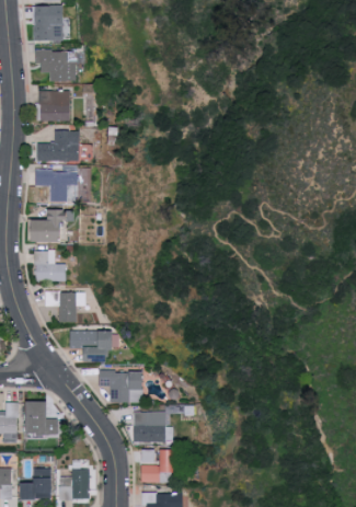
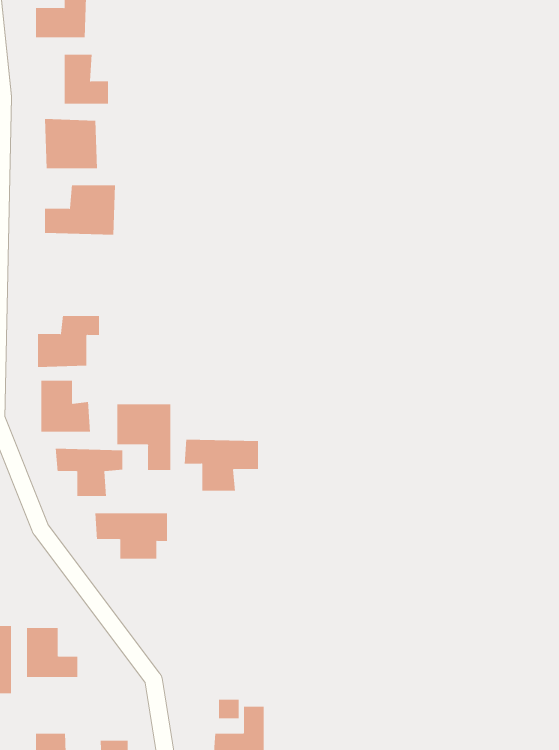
building: [33,170,80,201] -> none
building: none -> [117,404,171,471]
building: [97,370,143,402] -> [184,439,259,491]
building: [131,413,165,441] -> none

